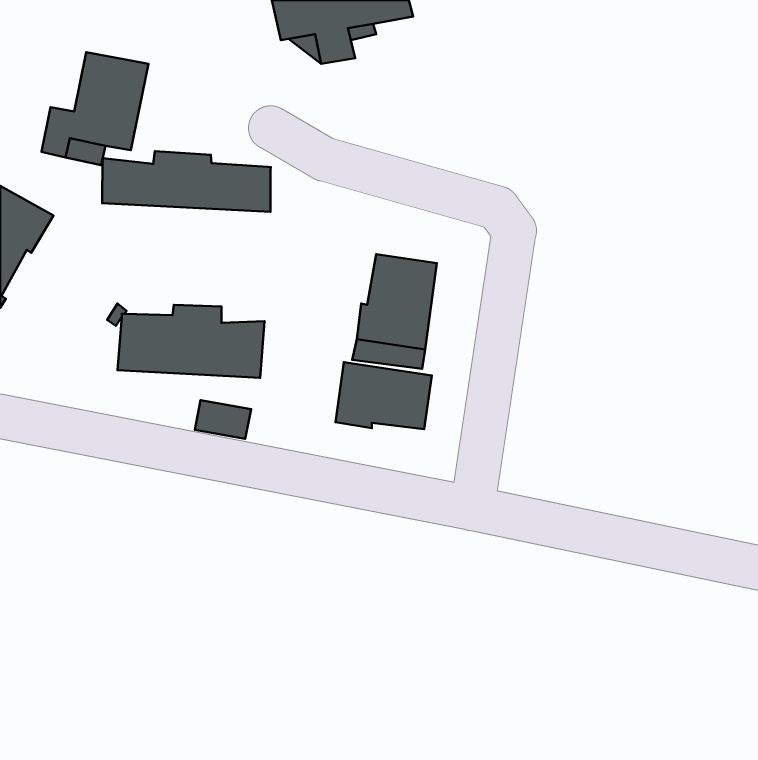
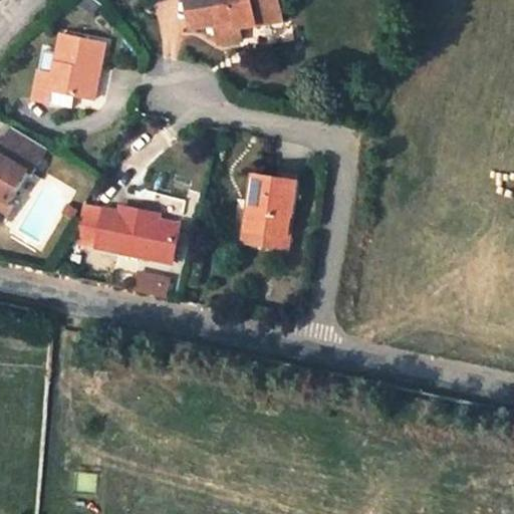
building: [102,151,271,212] -> none
building: [335,362,432,429] -> none

